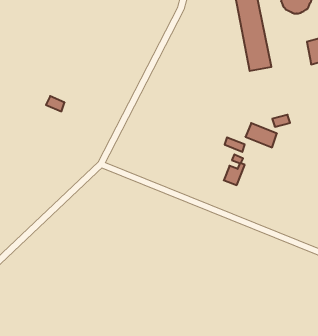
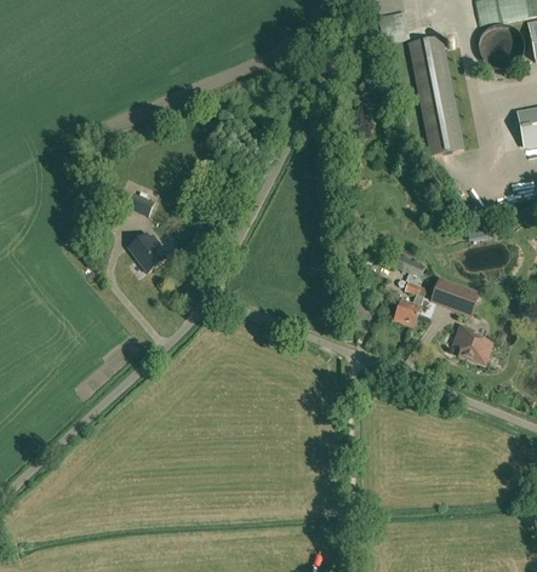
building: none -> [128,231,166,270]
building: [245,123,277,147] -> [432,278,479,314]
building: none -> [453,324,493,365]

